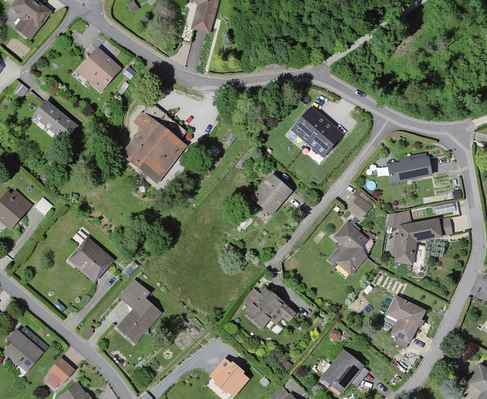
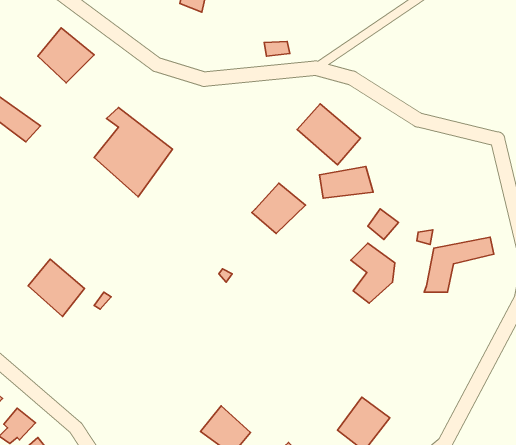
building: [386,154,430,180] -> [320,166,373,198]
building: [116,279,162,342] -> none
building: [244,287,295,327] -> none
building: [385,294,428,340] -> none

